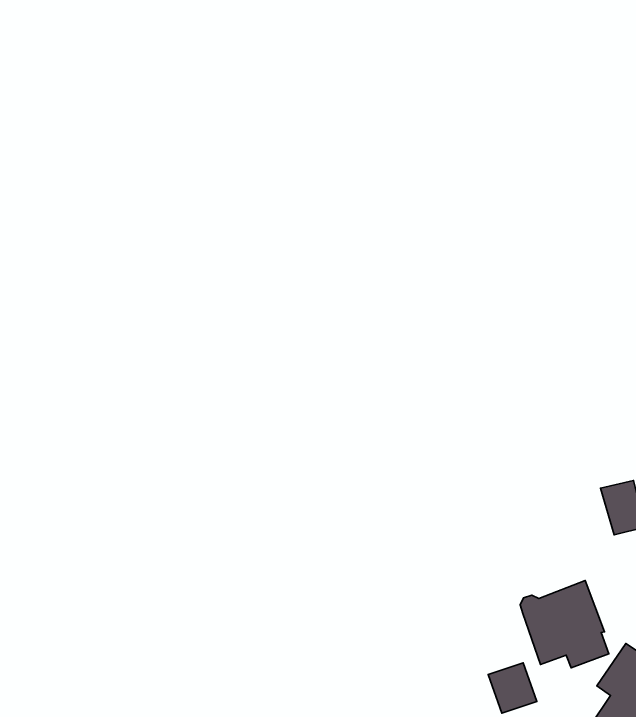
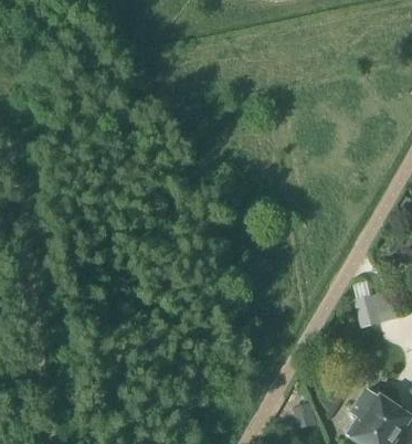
building: [520,581,609,668] -> none

